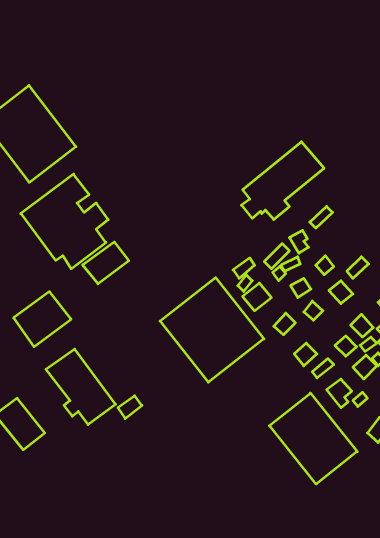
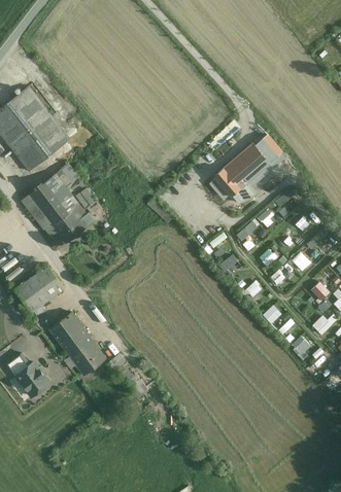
building: [83,242,129,284] -> none
building: [160,278,264,382] -> none
building: [269,393,357,484] -> none

